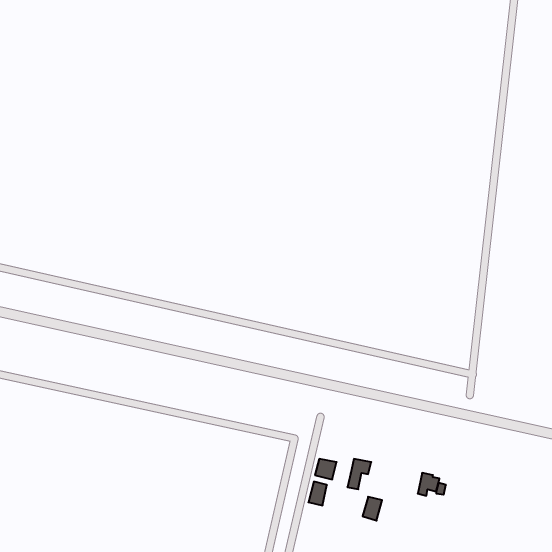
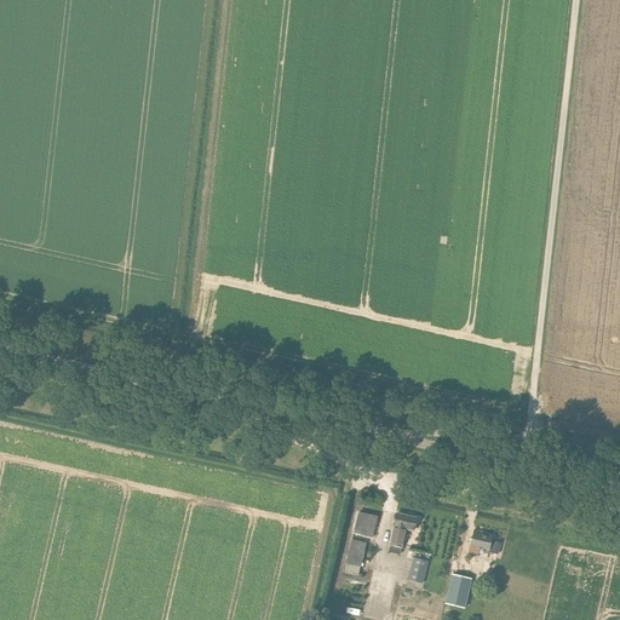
building: none -> [446,574,472,608]

